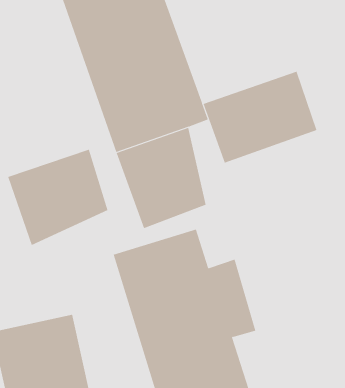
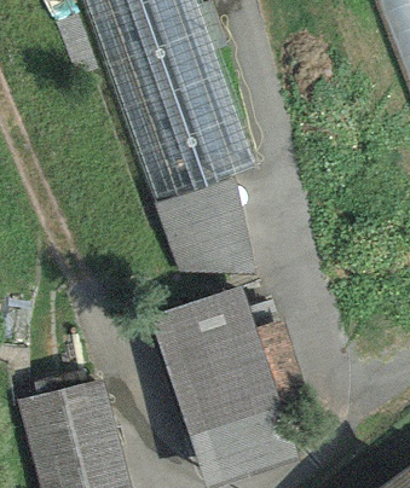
building: [203,71,317,164] -> none
building: [7,149,108,246] -> none

